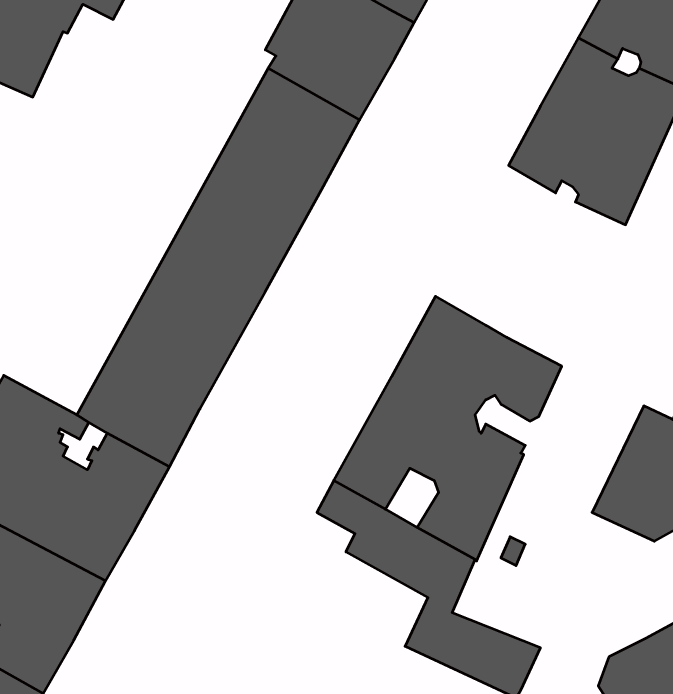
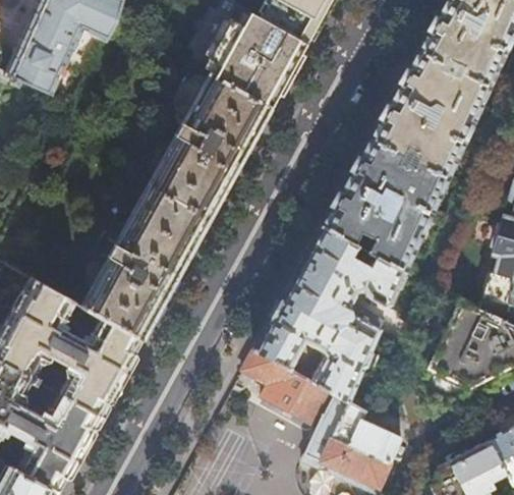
building: none -> [323,138,450,272]
building: none -> [334,401,403,460]

